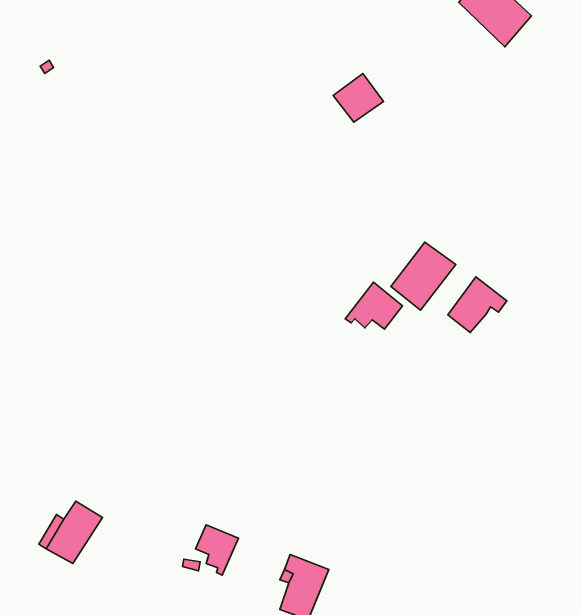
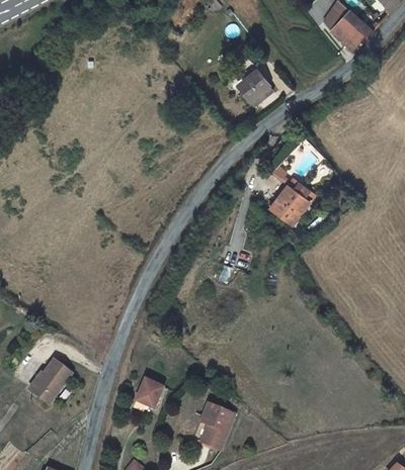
building: [448,277,507,333] -> none
building: [345,282,403,329] -> none

